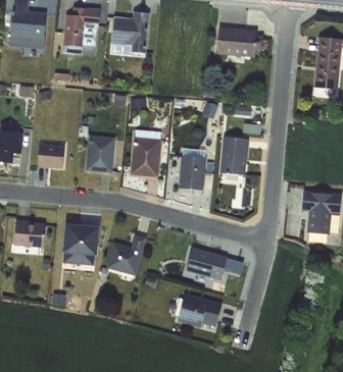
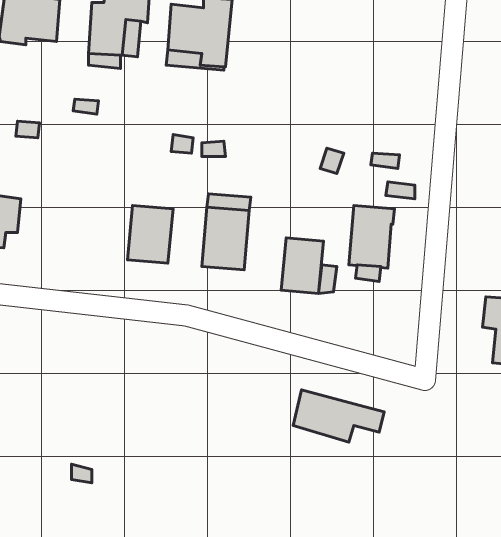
building: [216,25,257,57] -> none
building: [38,145,65,167] -> none
building: [14,220,45,246] -> none
building: [63,223,98,264] -> none
building: [108,235,145,274] -> none
building: [178,295,220,325] -> none

